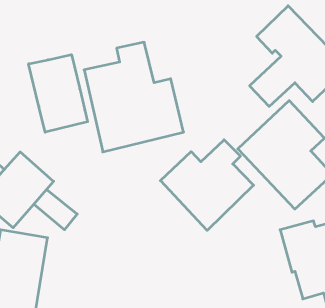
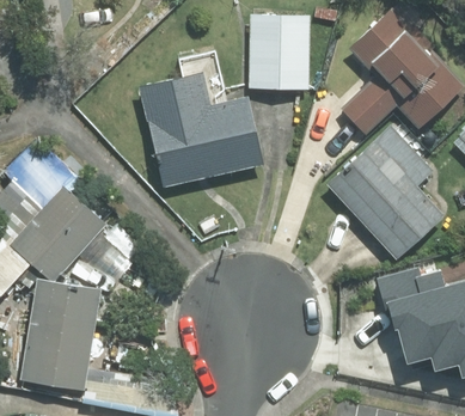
building: none -> [250,14,310,88]
building: [29,55,88,132] -> none
building: [160,140,254,230] -> none

